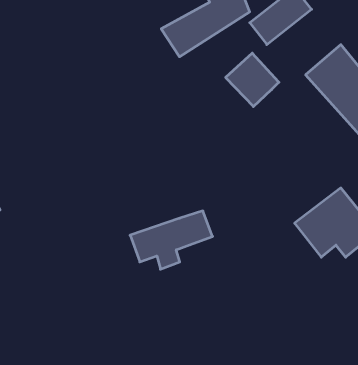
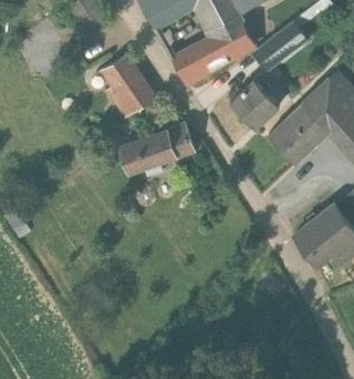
building: none -> [102,55,154,117]
building: none -> [267,101,329,162]
building: [130,211,213,269] -> [118,126,194,180]

